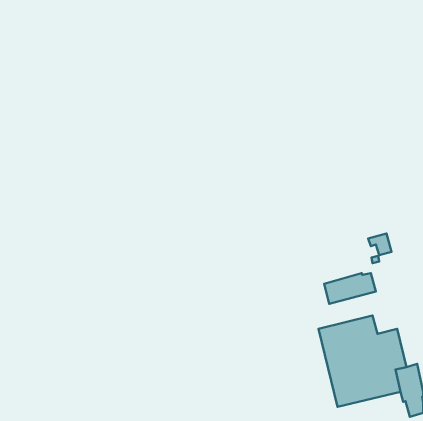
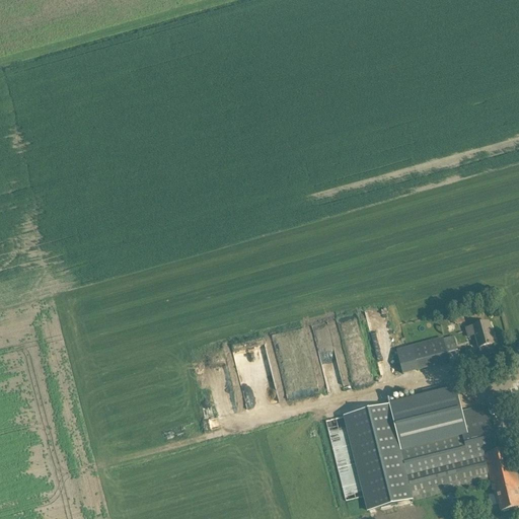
building: [368,234,392,255] -> [465,318,494,345]
building: none -> [325,405,399,508]

